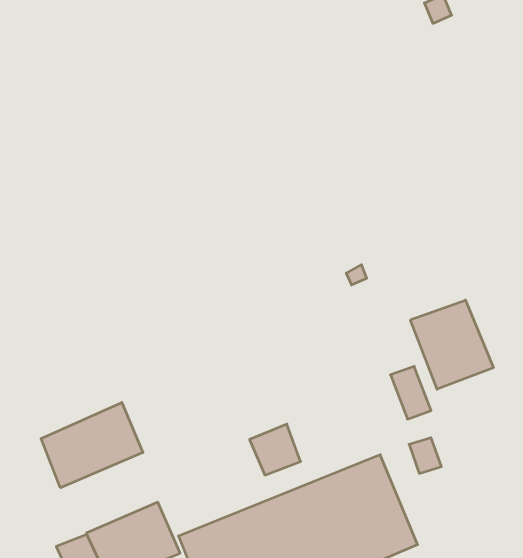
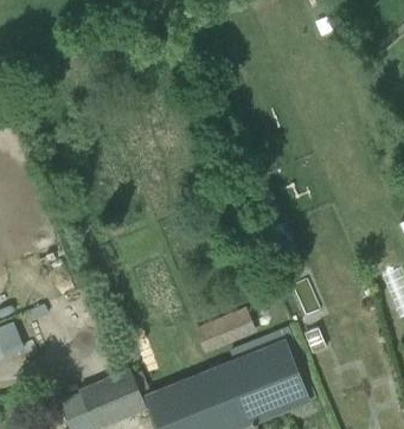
building: [410,300,493,389] -> none
building: [41,402,143,488] -> none

